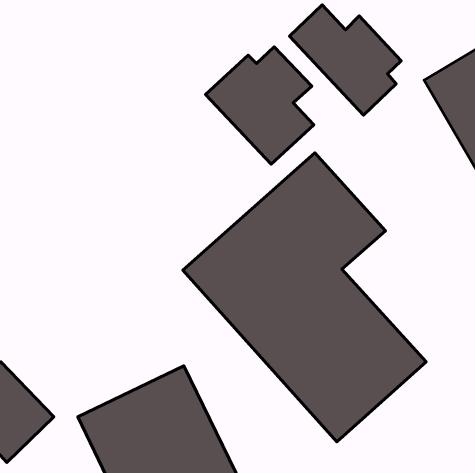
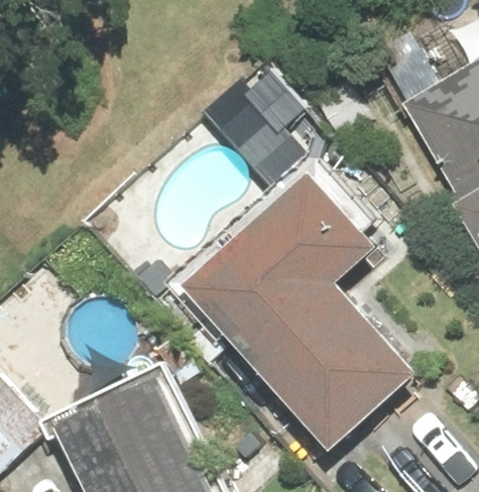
building: [289,5,401,115] -> none

